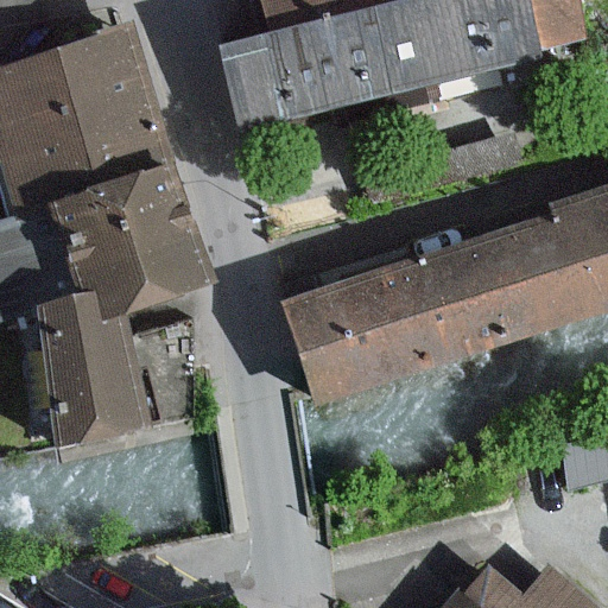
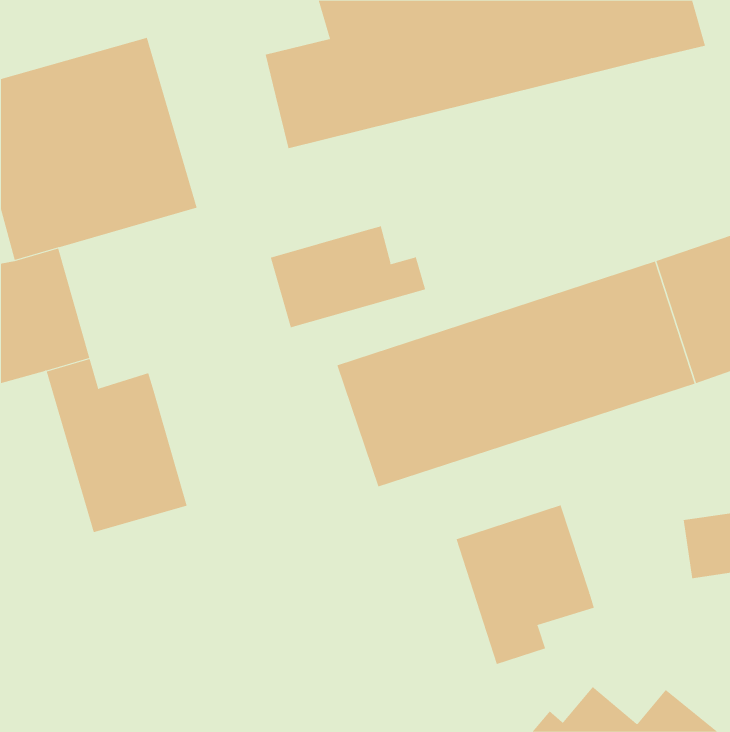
building: [50,172,198,322] -> none
building: none -> [270,225,426,328]
building: none -> [456,505,594,665]

